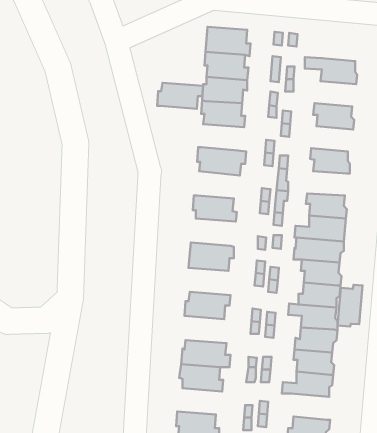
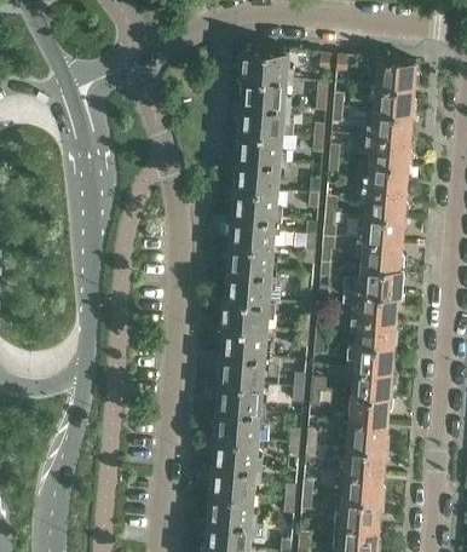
building: none -> [370,61,417,90]
building: none -> [365,113,414,142]
building: [157,83,203,109] -> [231,162,284,192]
building: none -> [362,165,410,194]
building: none -> [226,217,283,249]
building: none -> [357,217,407,245]
building: none -> [223,271,279,304]
building: none -> [219,328,270,360]
building: [337,285,363,327] -> none
building: none -> [214,384,265,415]
building: none -> [207,467,259,498]
building: none -> [338,473,384,504]

